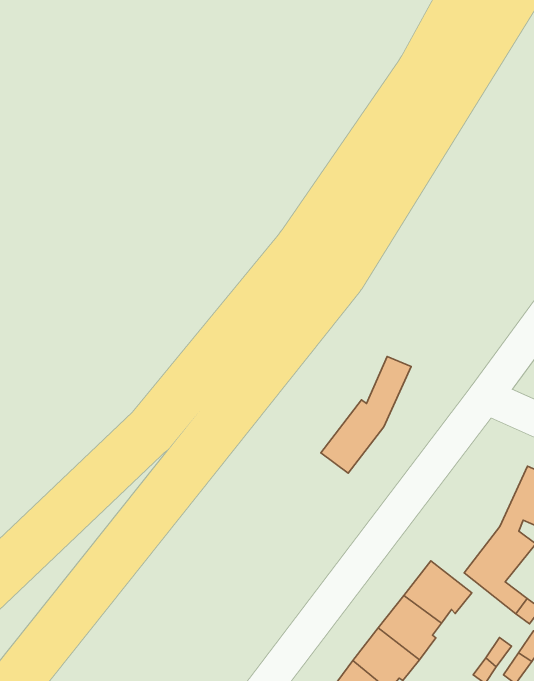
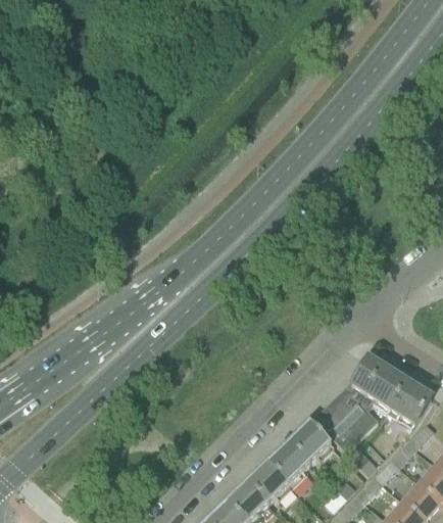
building: [321,357,411,473] -> [315,356,385,431]

